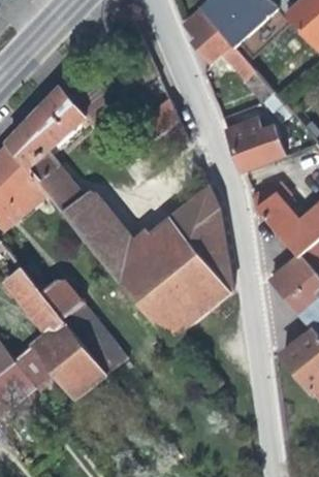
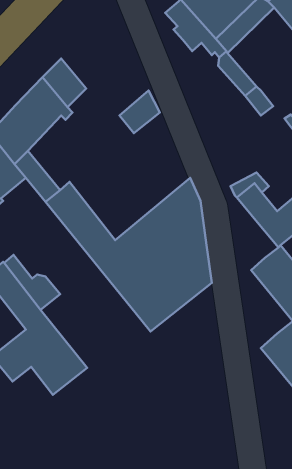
building: [225,122,275,169] -> none
building: [61,300,128,375] -> none

